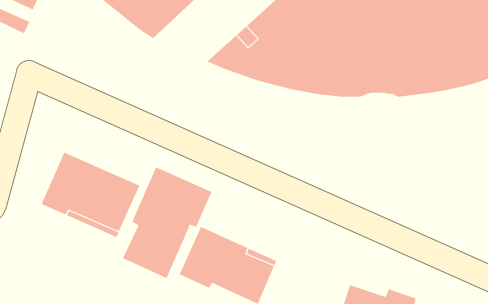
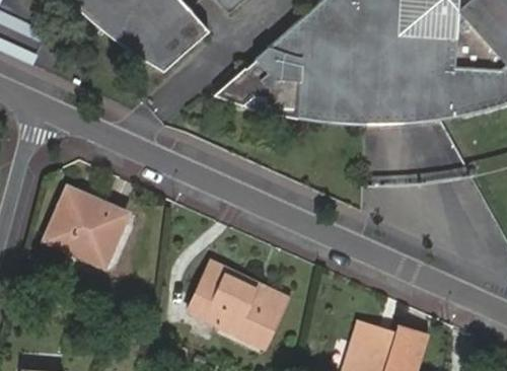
building: [122,166,212,279] -> none

